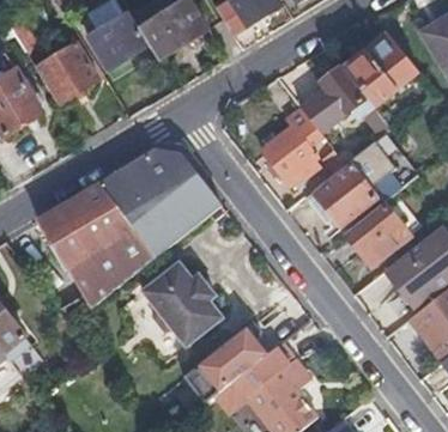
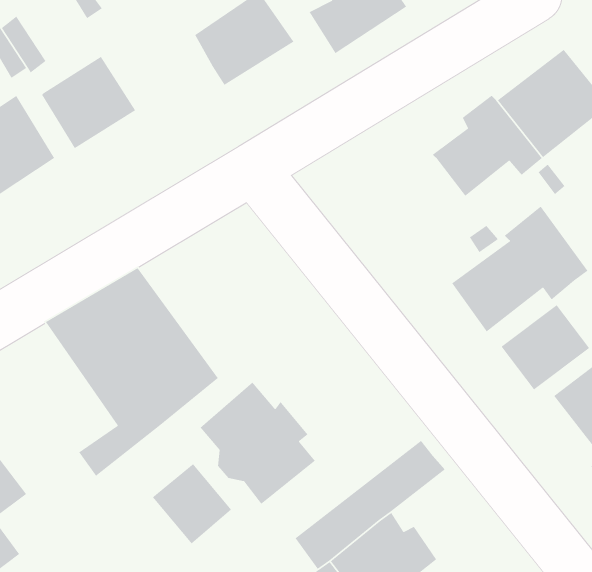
building: [86,8,151,72] -> none
building: [261,108,326,185] -> none
building: [101,150,220,257] -> none
building: none -> [152,463,232,544]

